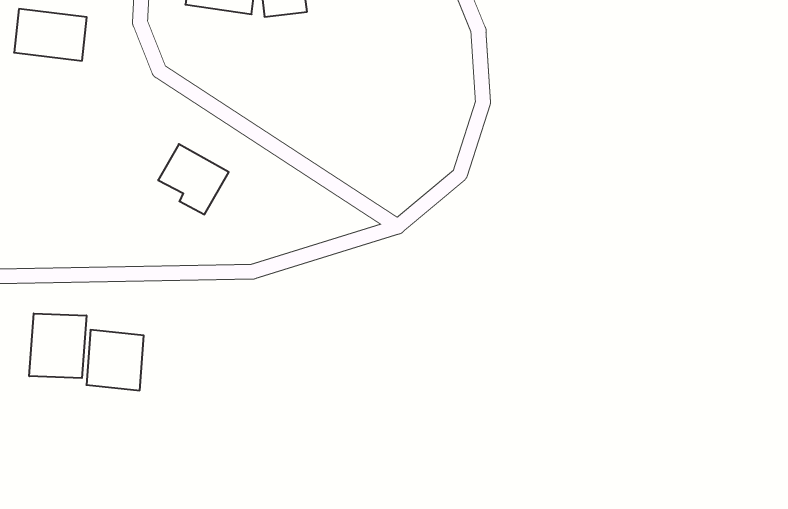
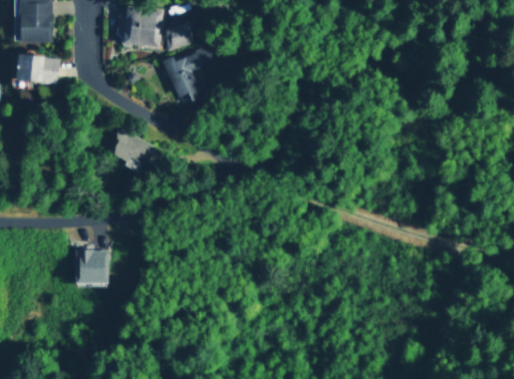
building: none -> [163,46,218,102]
building: [29,313,86,378] -> none

